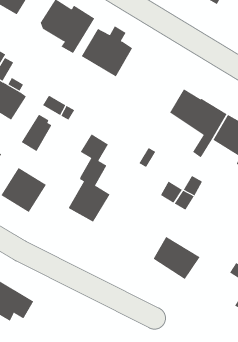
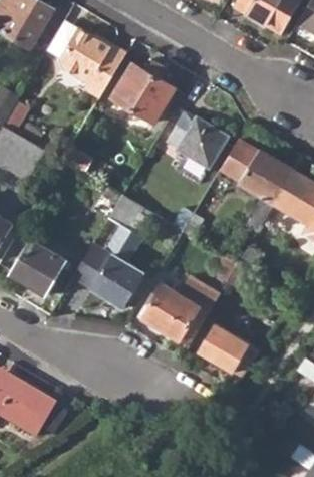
building: none -> [178,113,228,168]
building: [21,114,52,152] -> [73,241,112,288]
building: none -> [143,277,219,339]

